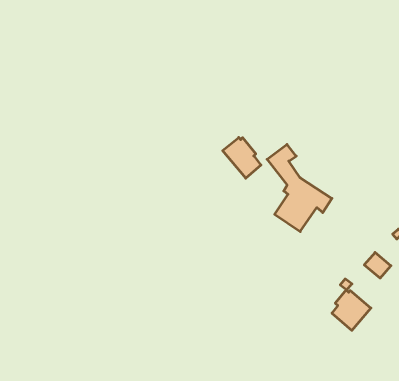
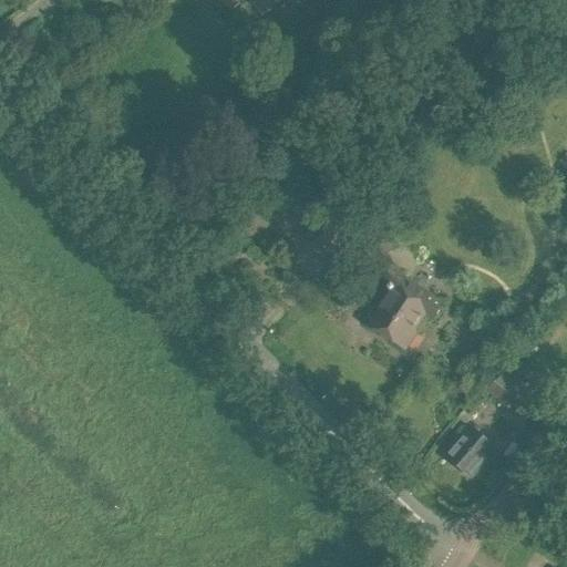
building: [223,137,261,178] -> none

